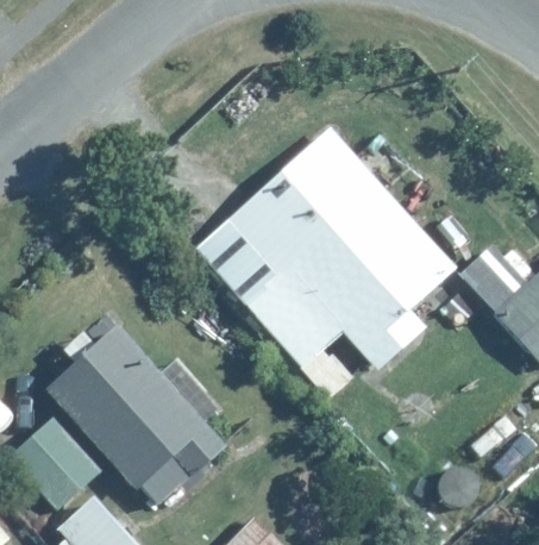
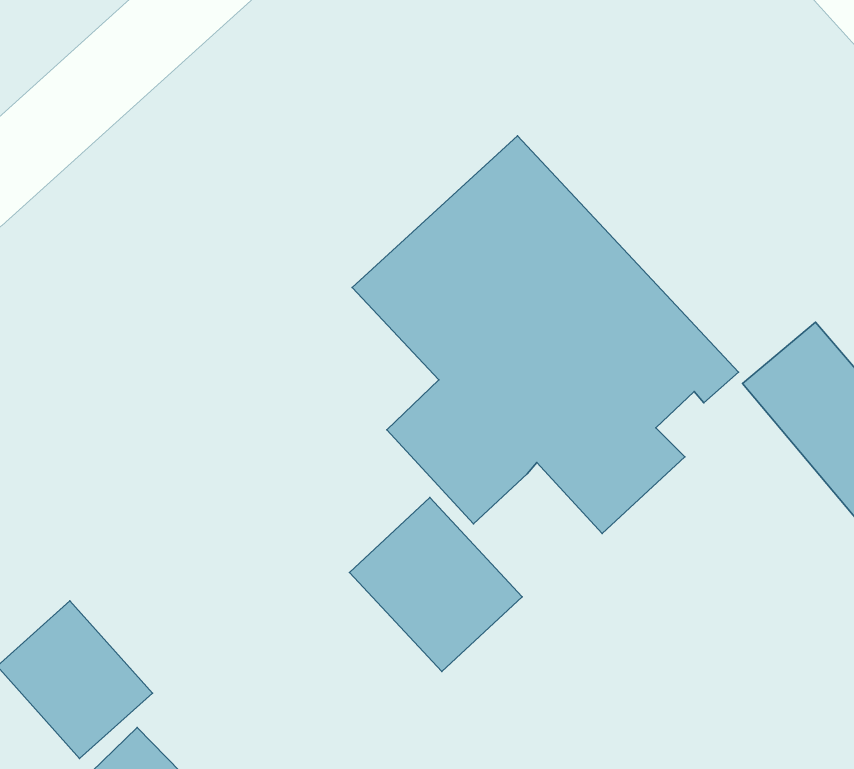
building: [45,317,227,509] -> none
building: none -> [350,498,522,672]

